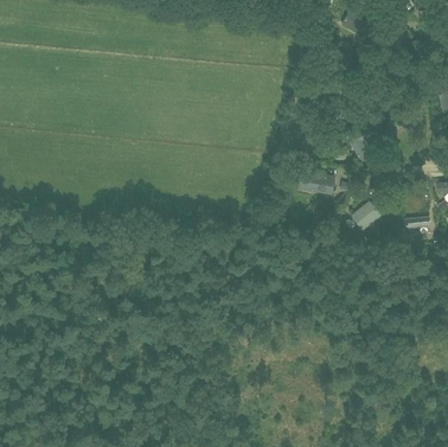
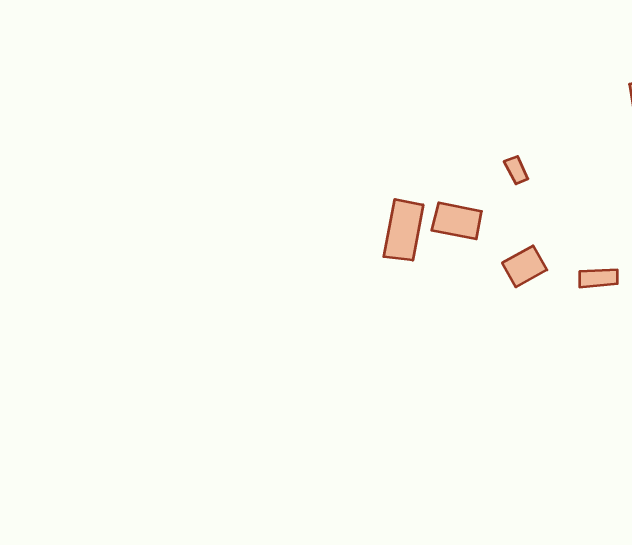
building: none -> [384,199,423,260]

